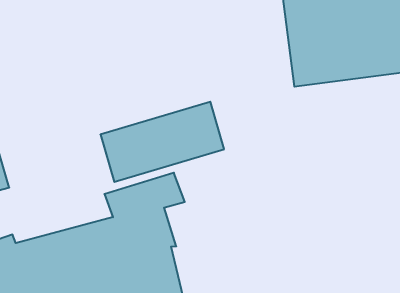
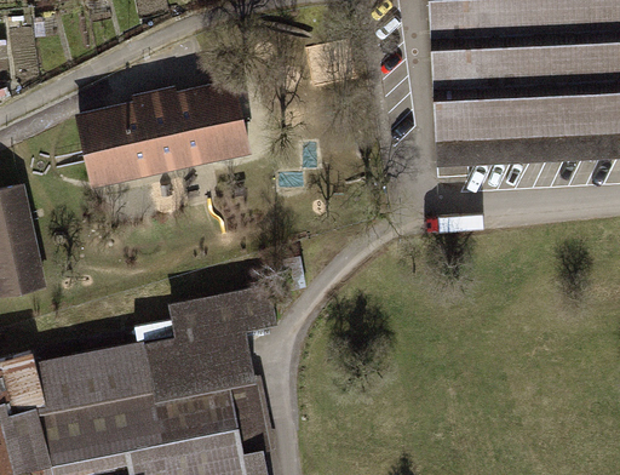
building: [100,102,224,182] -> [76,80,246,182]

